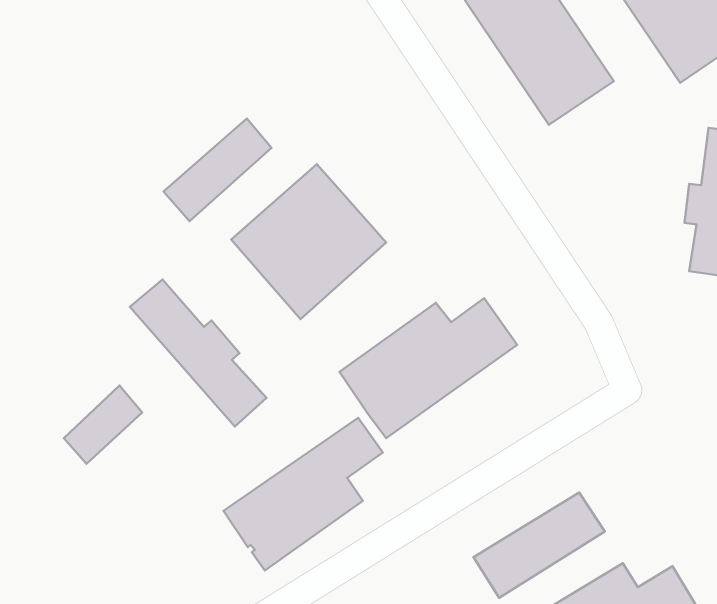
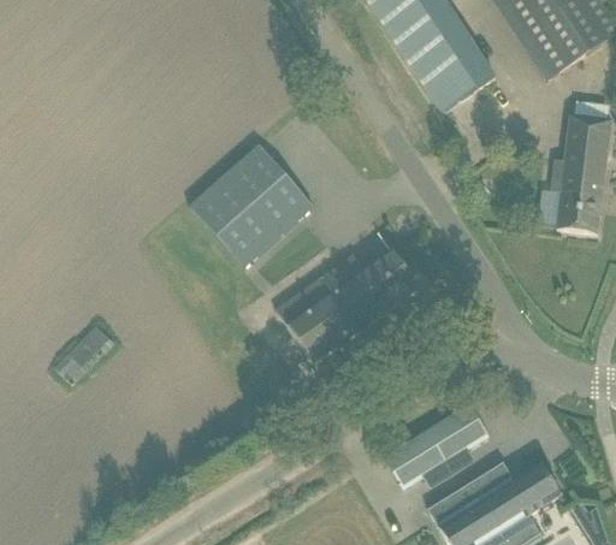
building: [163,118,272,221] -> none
building: [130,280,266,426] -> none
building: [224,418,383,571] -> none

